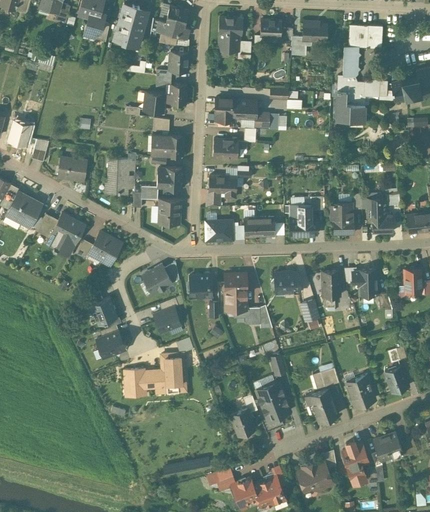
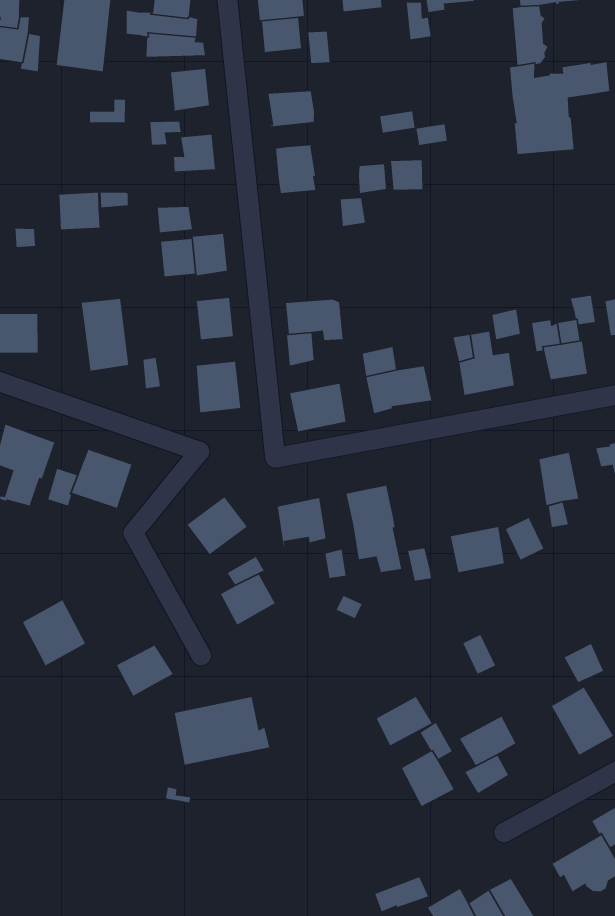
building: [143,92,165,112] -> [59,192,100,230]
building: [233,100,256,118] -> [268,90,315,127]
building: [213,139,238,158] -> none
building: [274,272,299,292] -> [450,526,505,573]
building: [88,293,118,325] -> [22,599,86,667]
building: [162,354,183,384] -> none
building: [256,381,284,404] -> [375,696,433,746]

